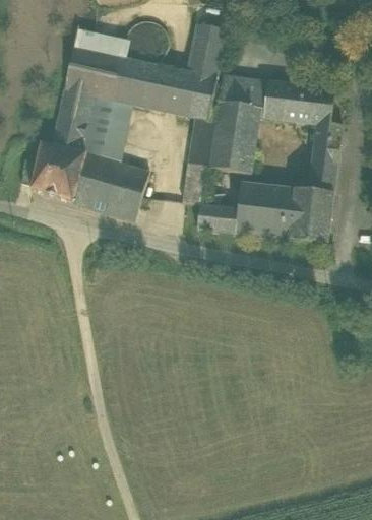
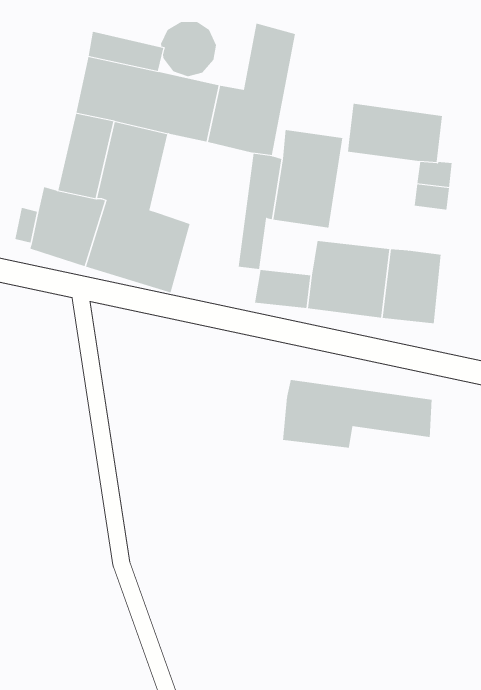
building: [218,75,267,108] -> none
building: [308,156,336,192] -> none
building: none -> [283,379,432,449]

